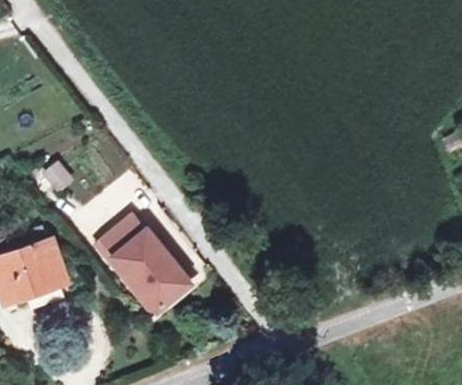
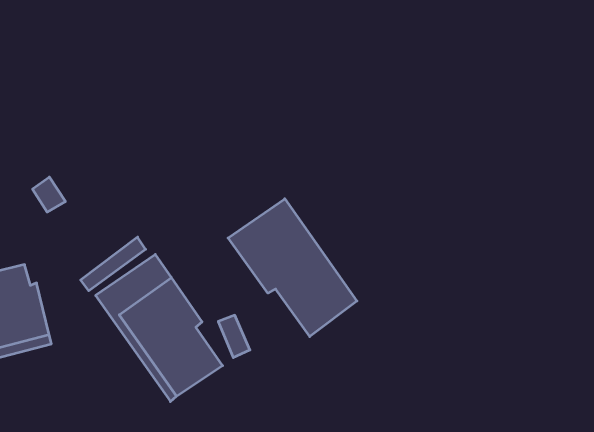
building: none -> [228,199,357,337]

